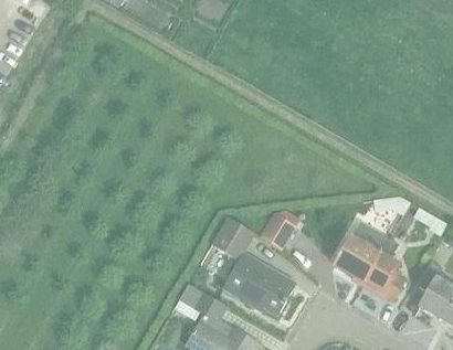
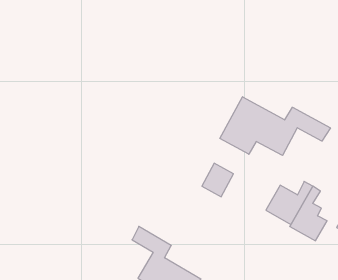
building: none -> [220,97,330,155]
building: [211,216,296,316] -> none

